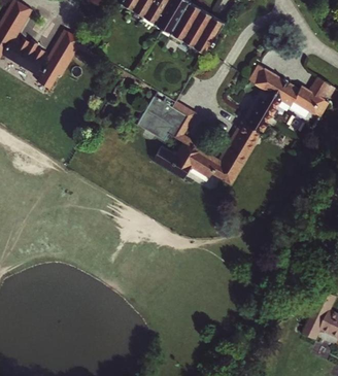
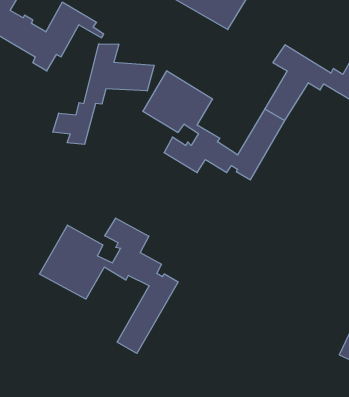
building: none -> [53,44,154,144]
building: none -> [39,218,178,353]

